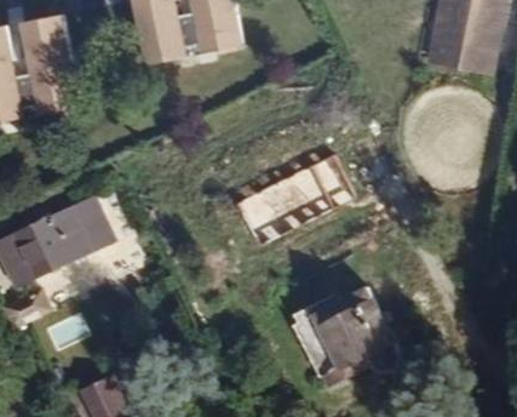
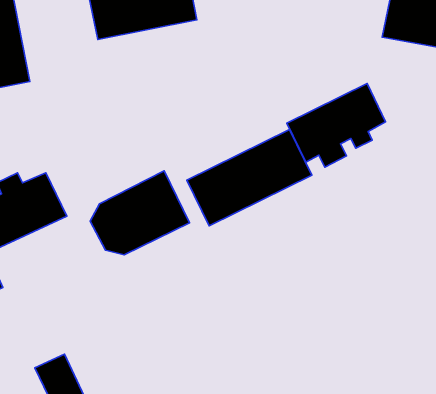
building: none -> [287,83,386,167]
building: none -> [90,171,189,255]
building: [288,286,398,378] -> none

